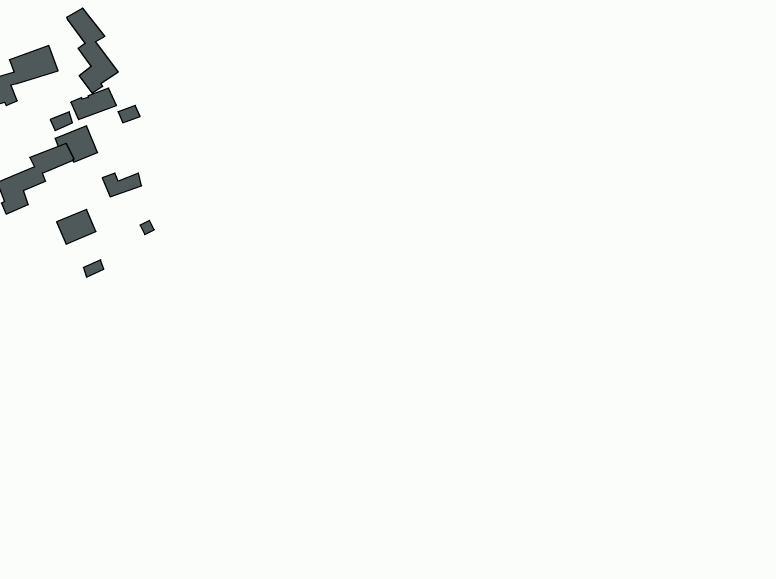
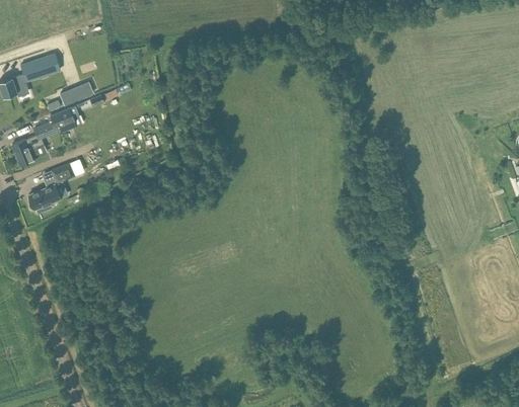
building: [67,8,118,93] -> none
building: none -> [30,184,62,213]

